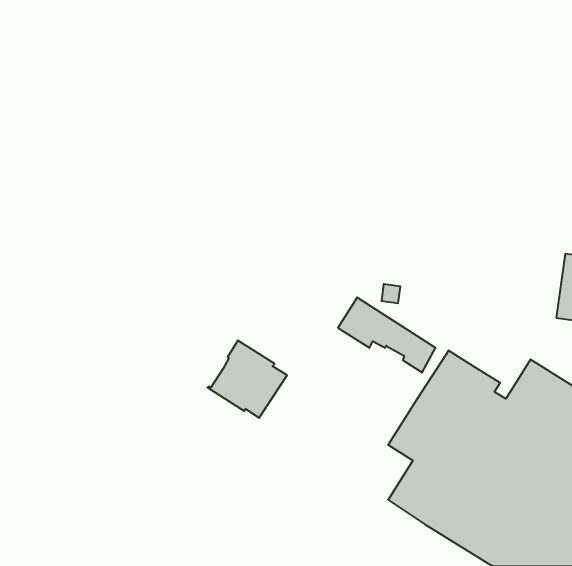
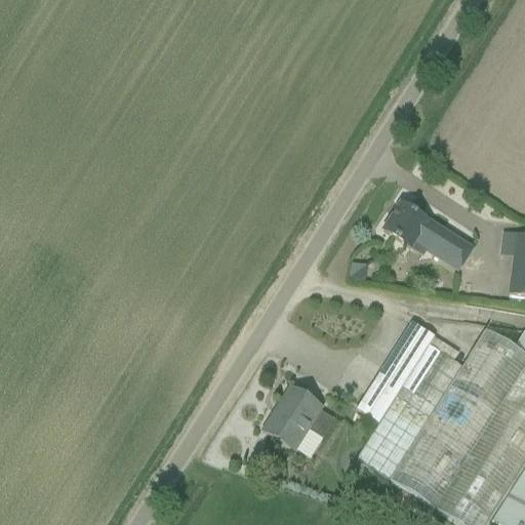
building: [338,297,436,373] -> [383,200,473,269]
building: [207,340,287,418] -> [262,385,335,455]

